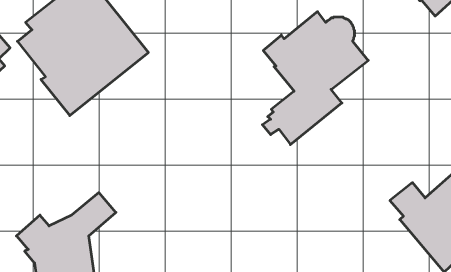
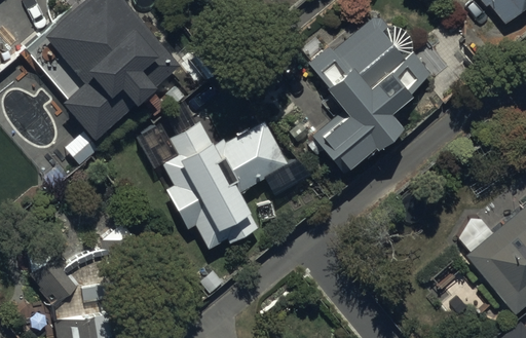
building: none -> [161,121,290,250]

